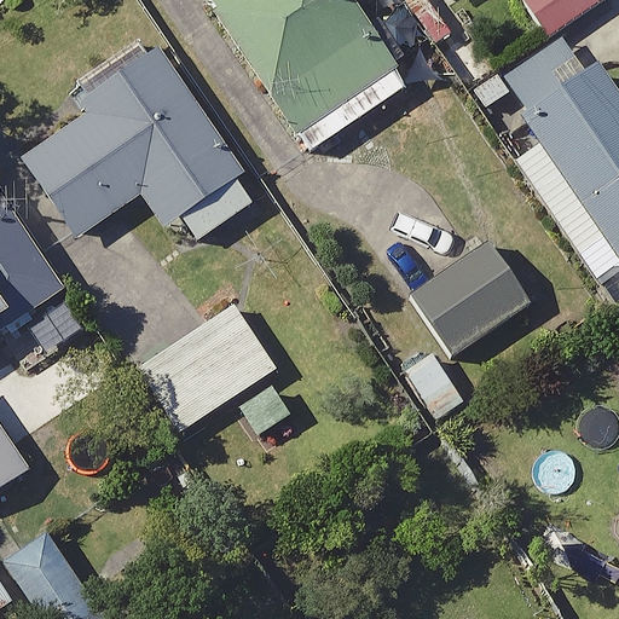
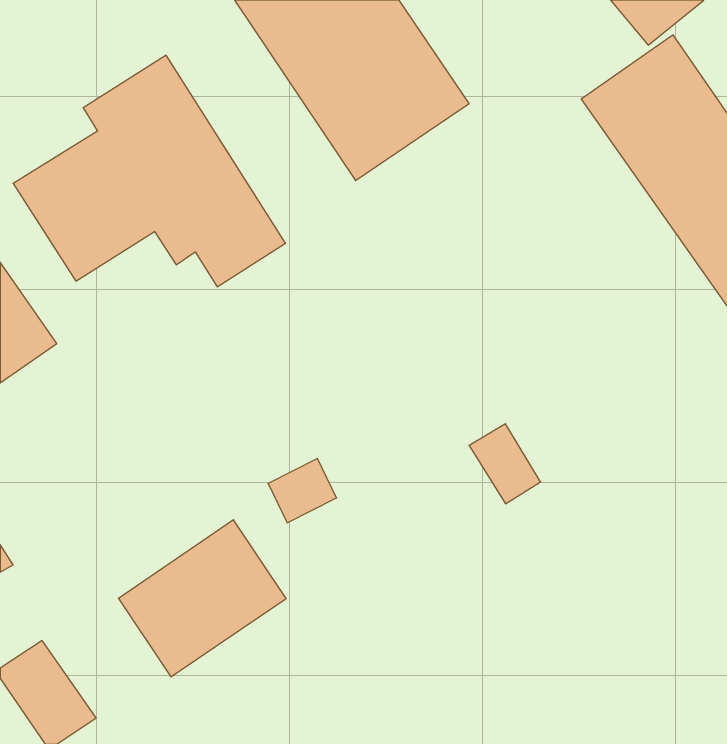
building: [407,243,525,357] -> none
building: [138,301,277,432] -> [118,520,286,677]

